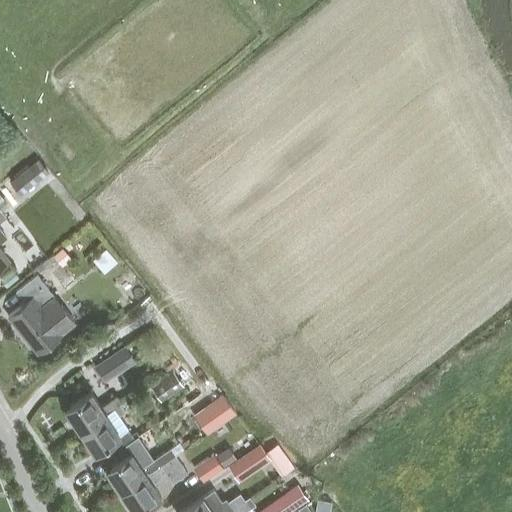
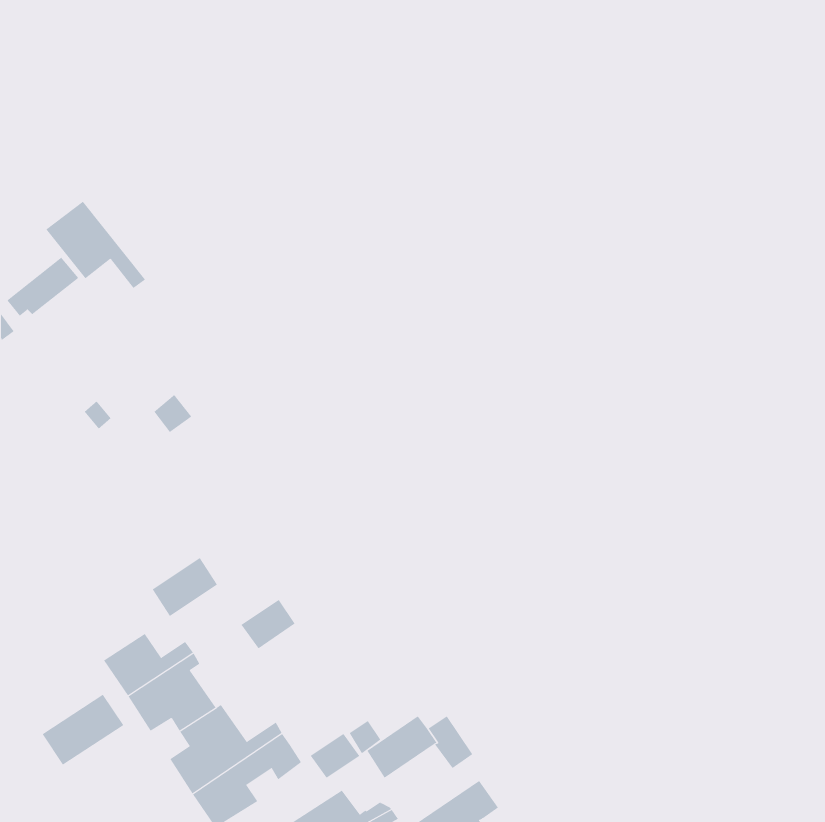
building: none -> [46,201,146,289]
building: [8,276,74,354] -> none
building: [192,396,236,437] -> none
building: none -> [42,694,124,765]

